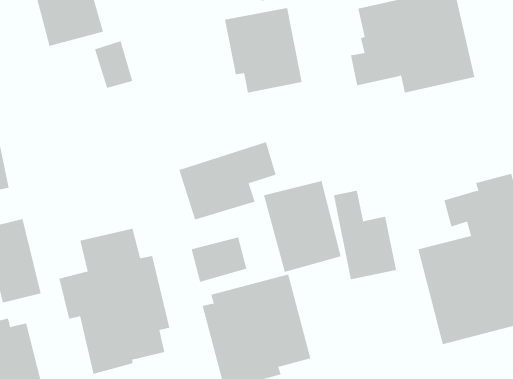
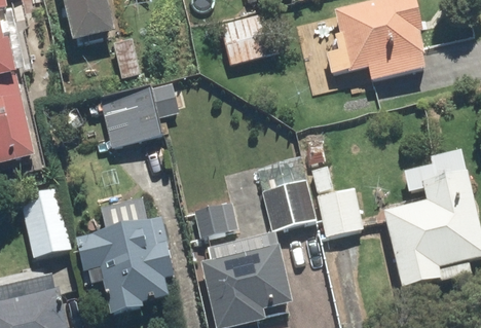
building: [178,142,276,220] -> [99,82,181,148]

